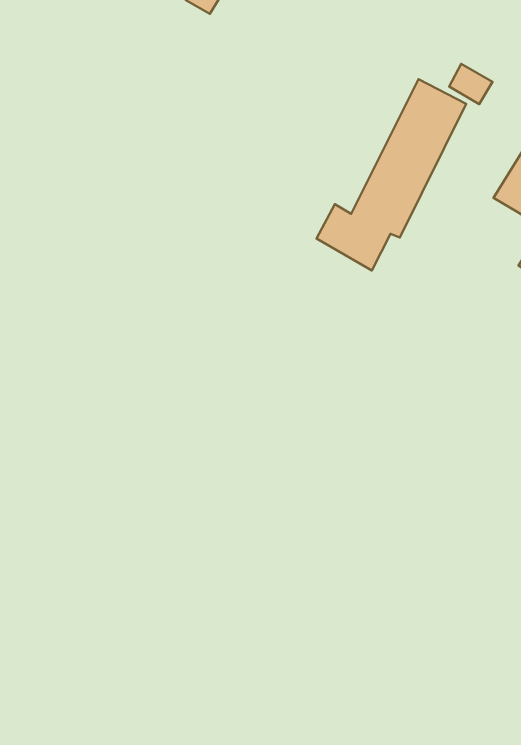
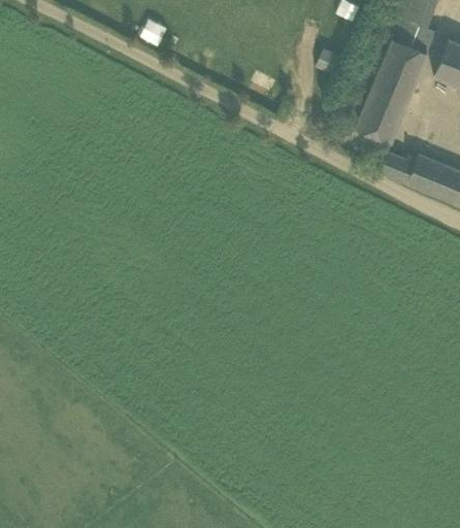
building: [316,79,466,270] -> none

